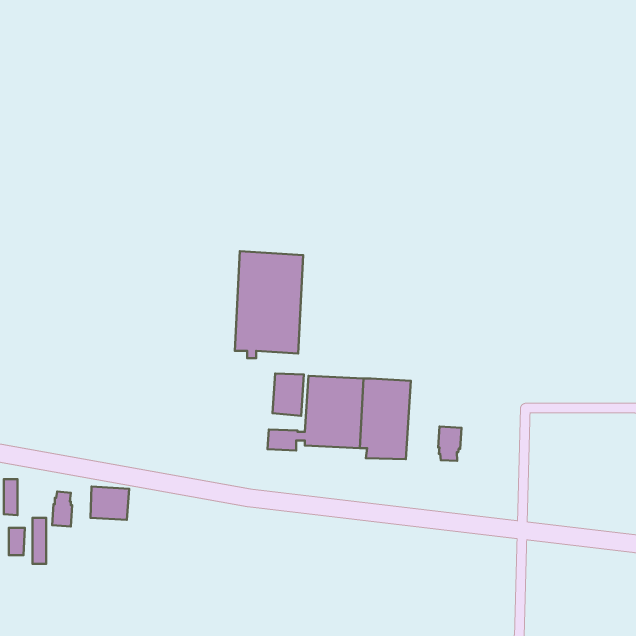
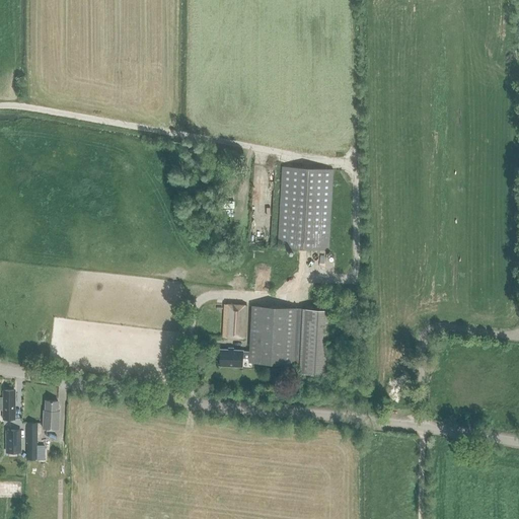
building: [235,251,303,358] -> [277,166,332,253]
building: [438,426,461,461] -> none
building: [90,487,129,520] -> none

